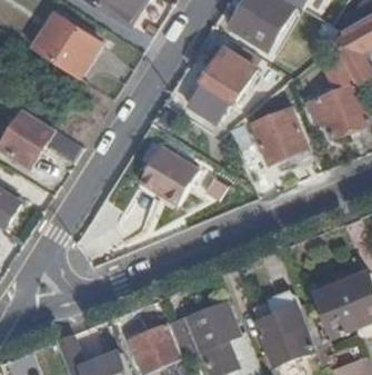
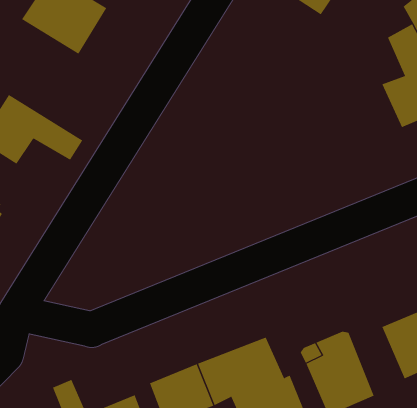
building: [189,48,254,124] -> none
building: [252,111,306,164] -> none
building: [139,158,194,206] -> none

